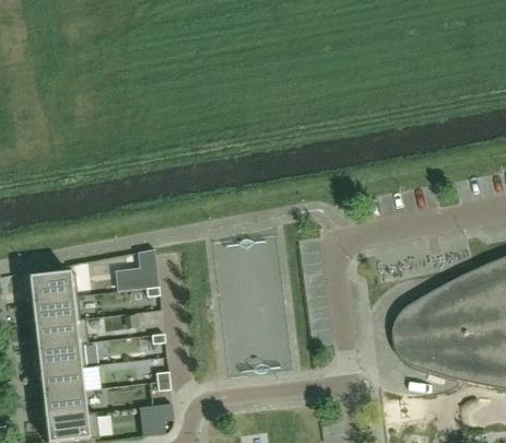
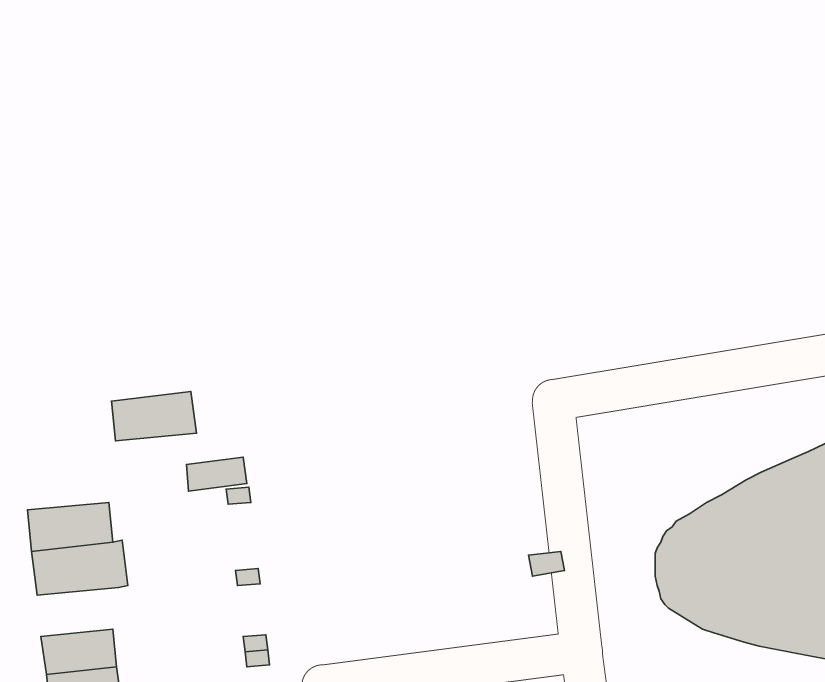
building: [31,271,80,300] -> [112,392,197,441]
building: [38,345,89,373] -> none

